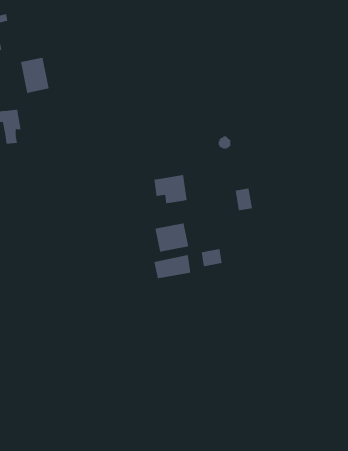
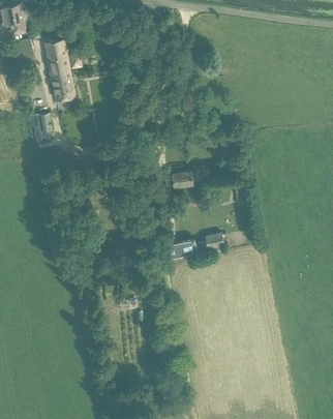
building: none -> [43,37,81,73]
building: [155,223,189,252] -> none

